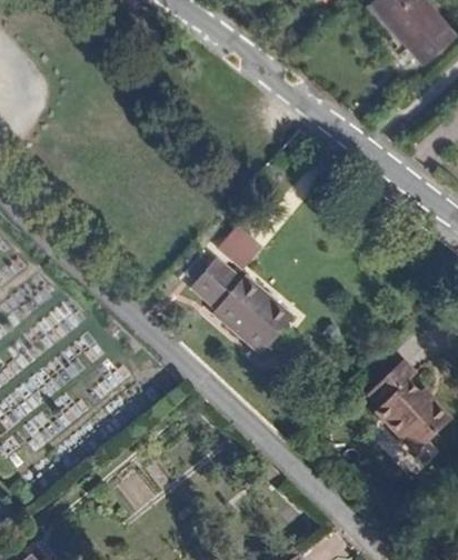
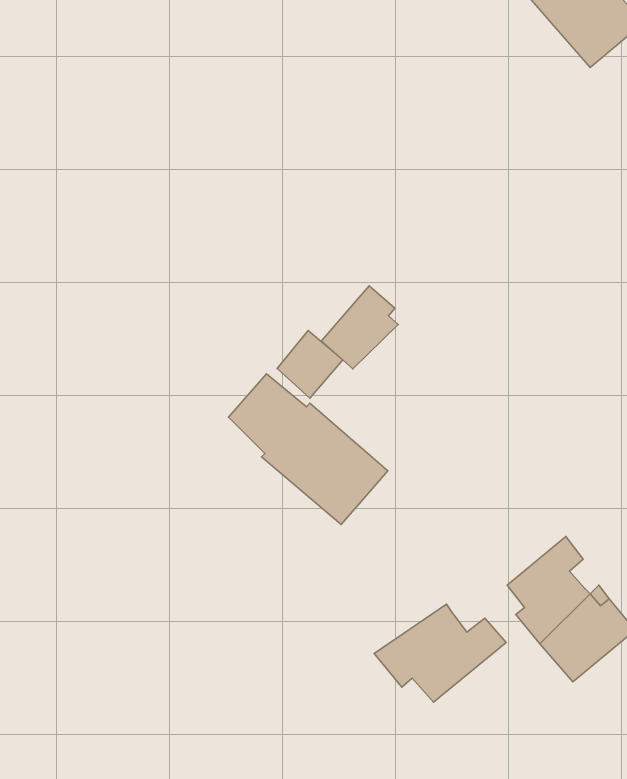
building: none -> [322,286,398,369]
building: none -> [374,604,506,702]

